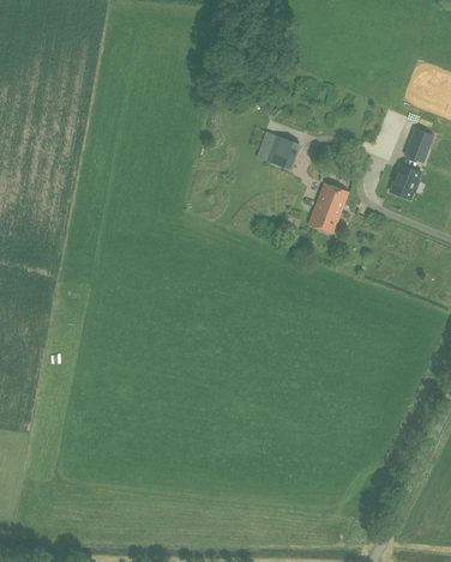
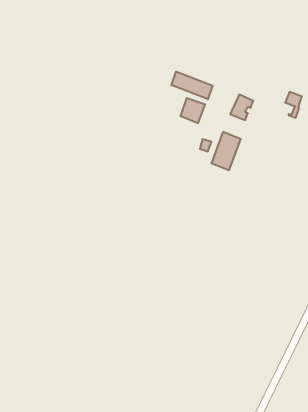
building: none -> [171,72,213,99]
building: [387,165,419,200] -> [230,95,253,120]

